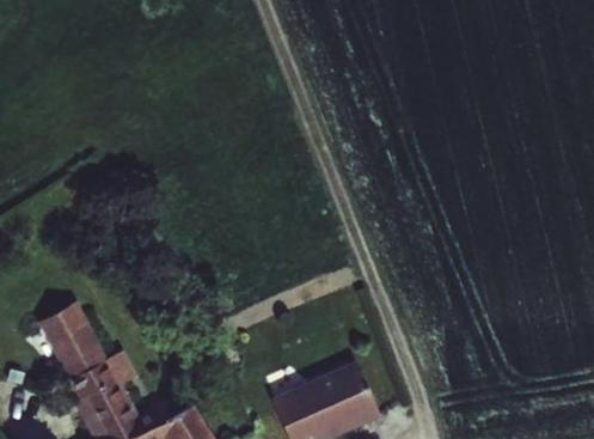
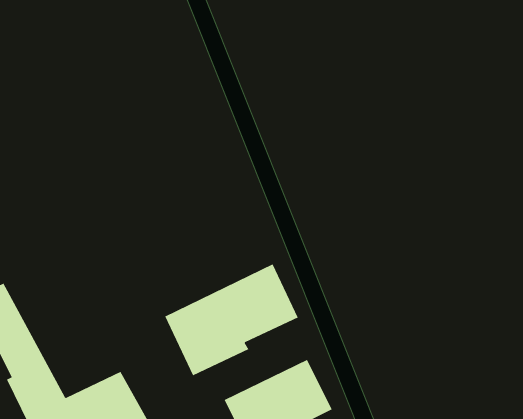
building: none -> [165,264,298,376]

